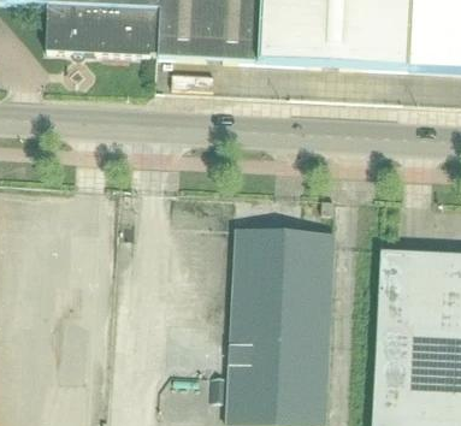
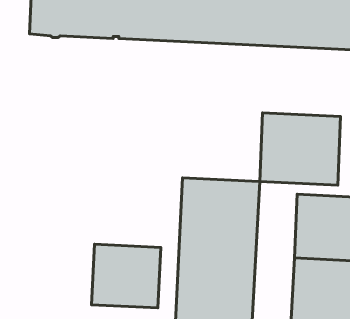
building: none -> [260,113,341,185]
building: none -> [91,244,161,308]

